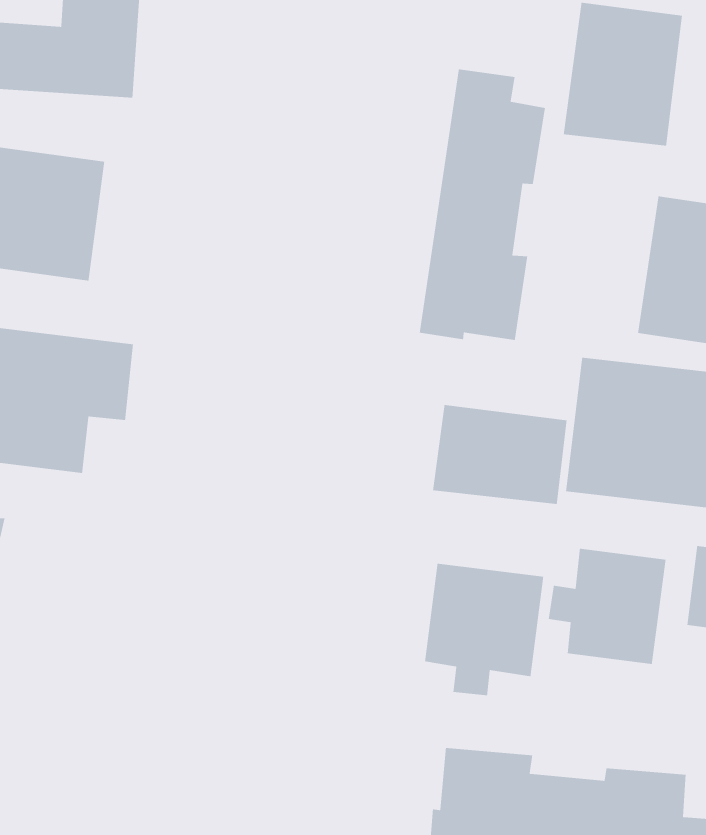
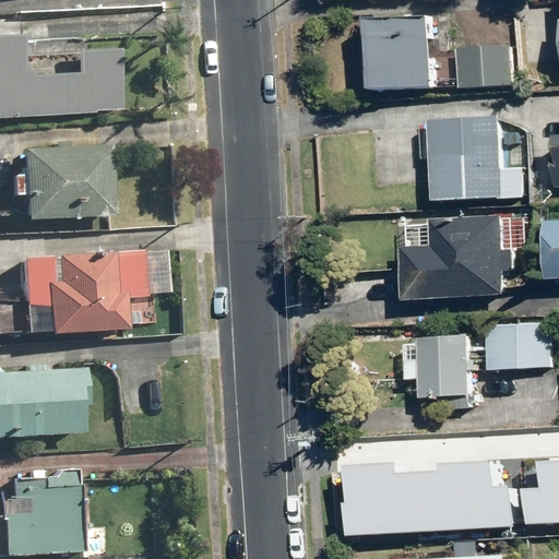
building: [419,68,546,341] -> none
building: [432,404,567,505] -> none
building: [424,563,544,696] -> none

